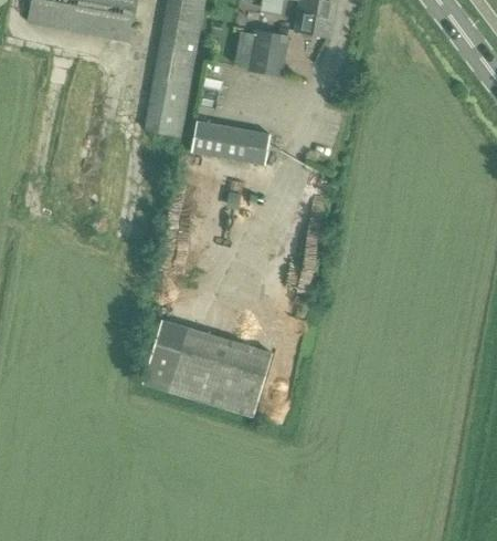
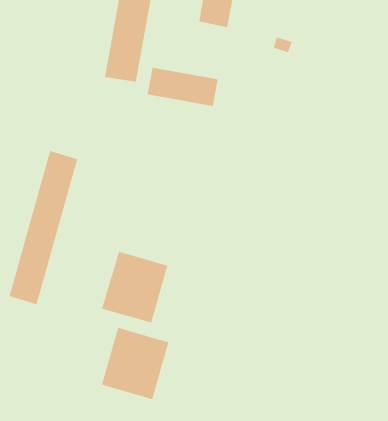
building: none -> [9,150,78,305]
building: [197,335,271,415] -> [101,327,169,400]

